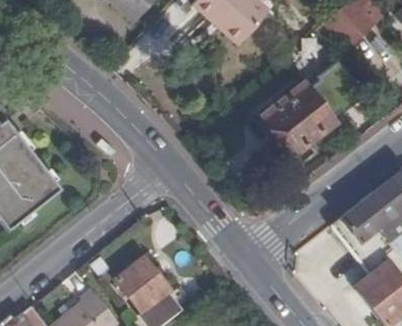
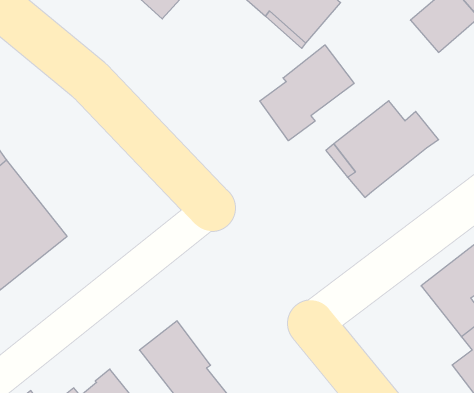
building: none -> [260,45,354,141]

